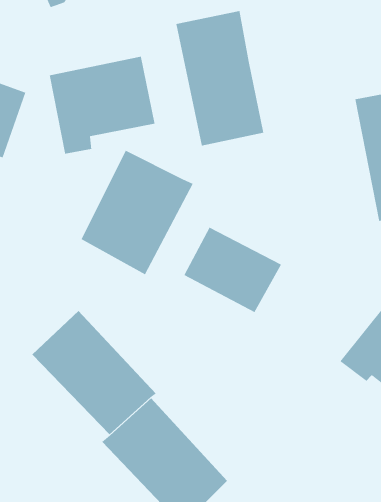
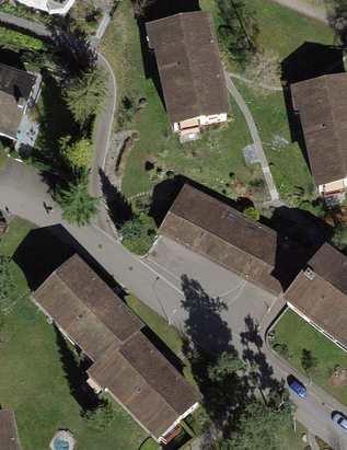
building: [49,56,155,154] -> none
building: [81,150,193,275] -> none
building: none -> [217,221,297,291]

